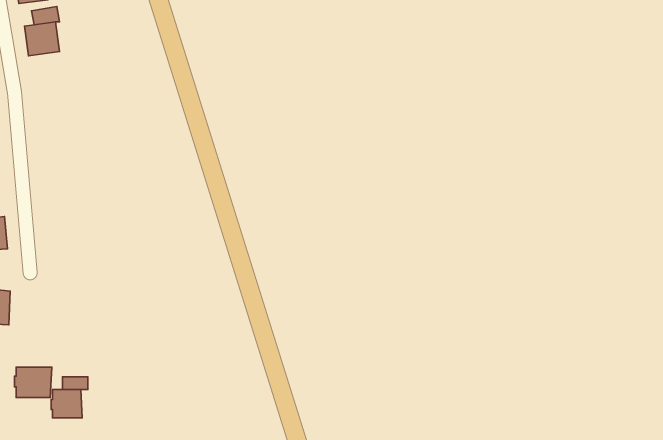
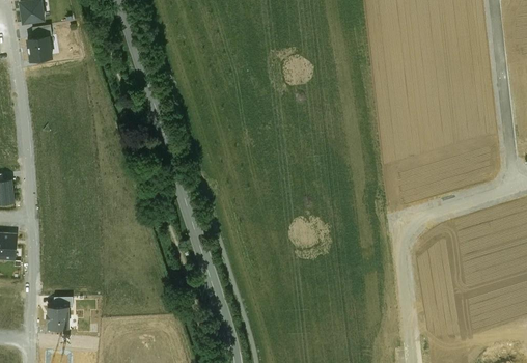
building: [14,367,52,397] -> none

